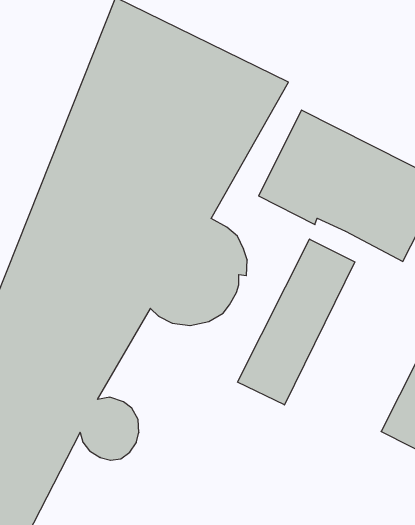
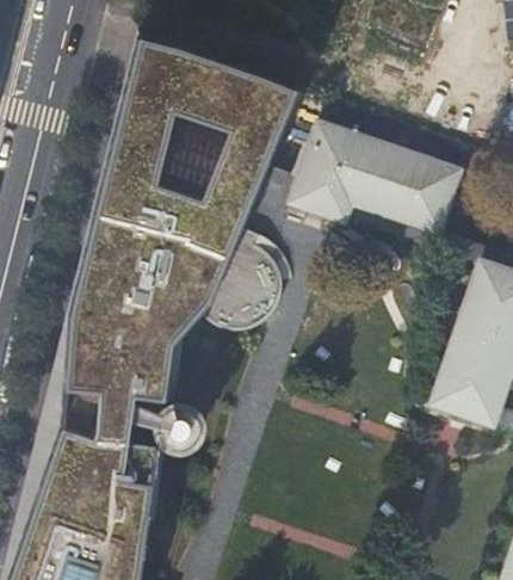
building: [238,239,355,405] -> none

